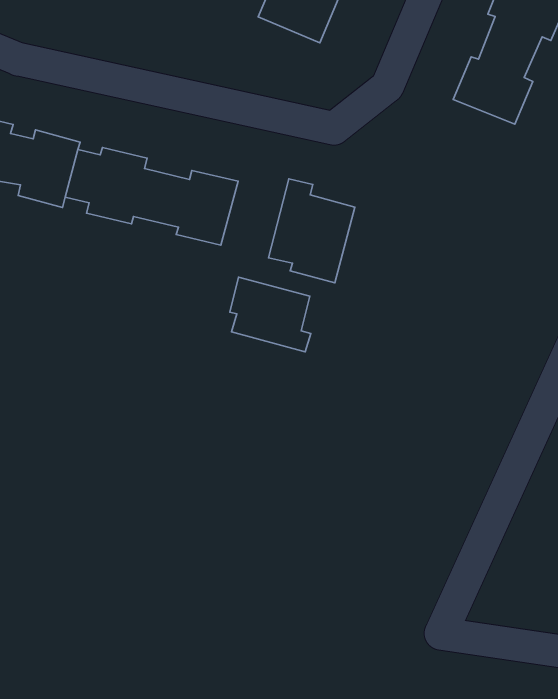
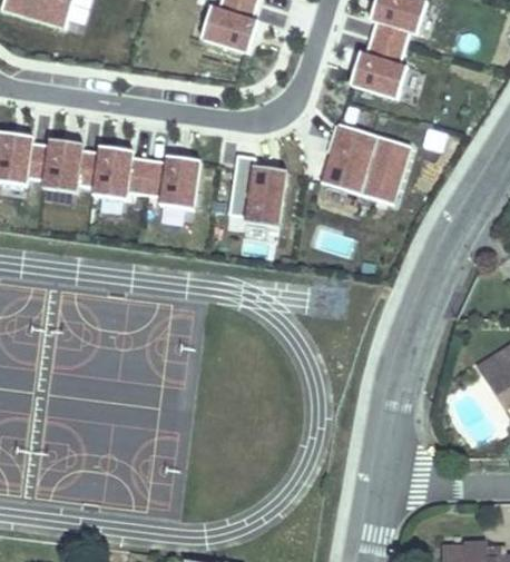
building: none -> [321,119,411,200]
building: [230,277,311,352] -> none

